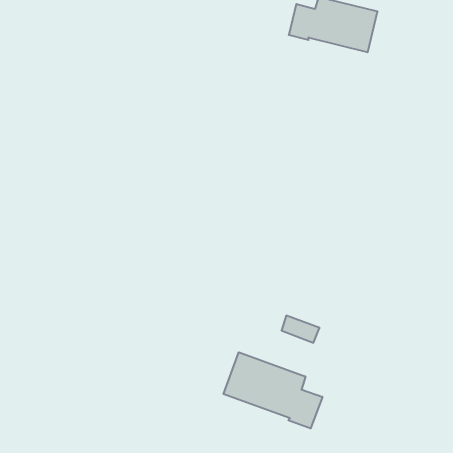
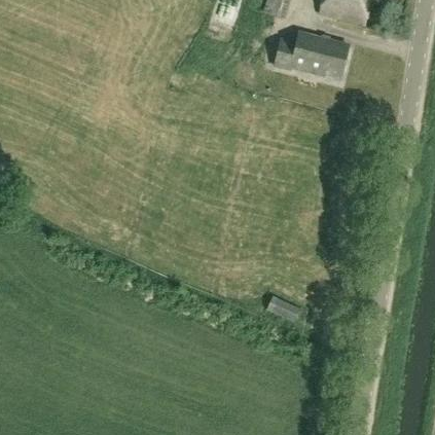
building: [223,352,322,428] -> none

